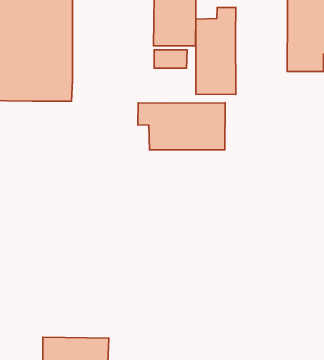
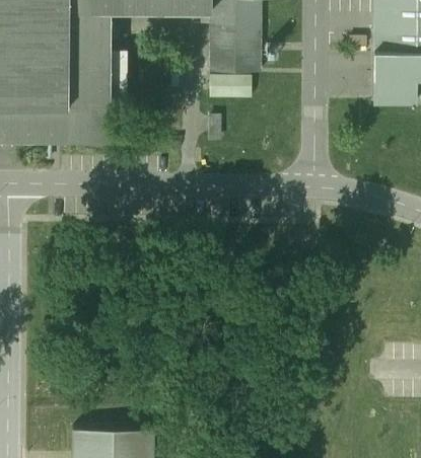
building: [196,7,236,95] -> none
building: [138,103,225,150] -> none

